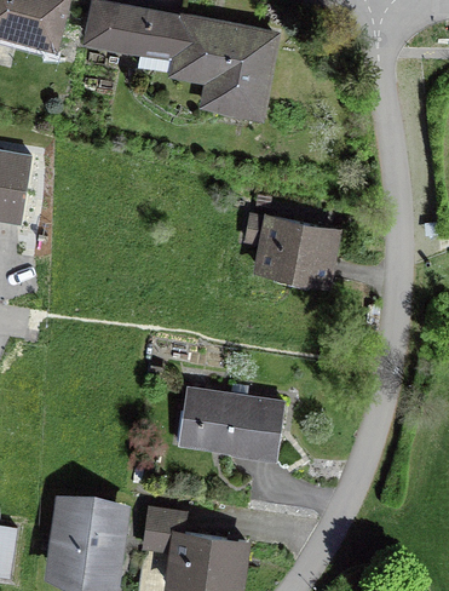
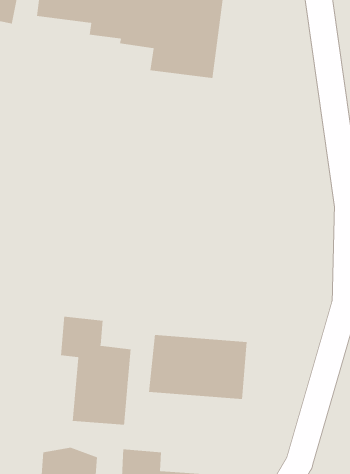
building: [242,213,342,289] -> none
building: none -> [61,316,131,426]

